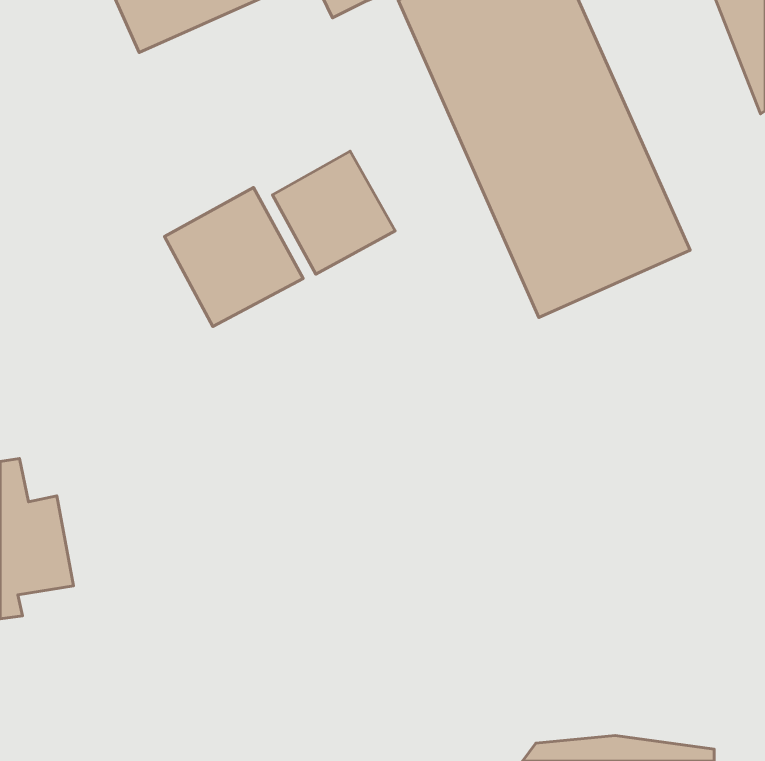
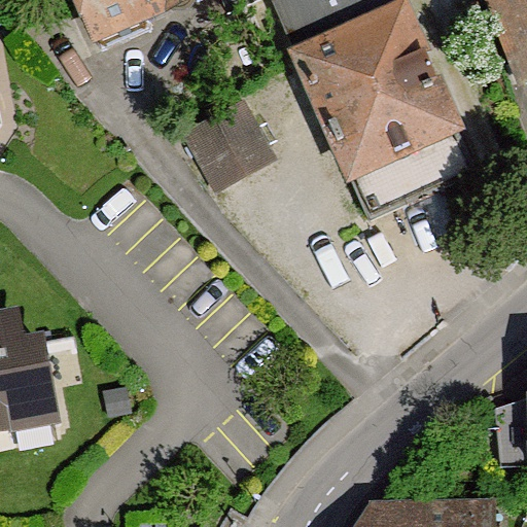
building: [164,188,303,326] -> none

